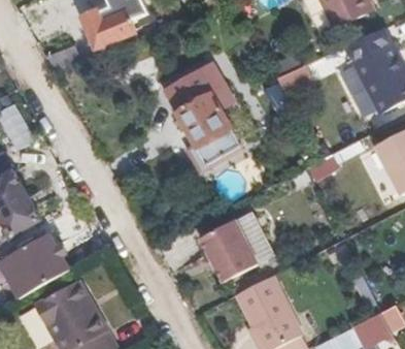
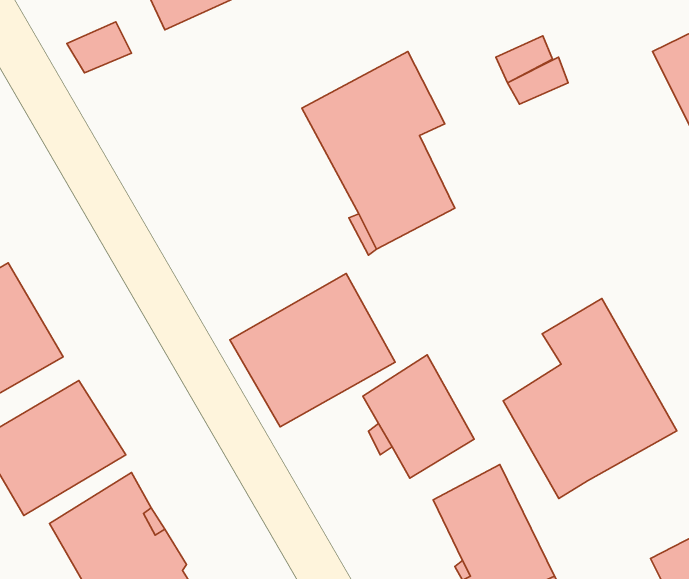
building: none -> [230,274,395,427]
building: none -> [503,298,677,498]

